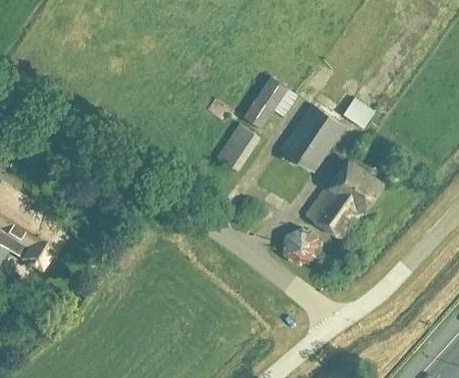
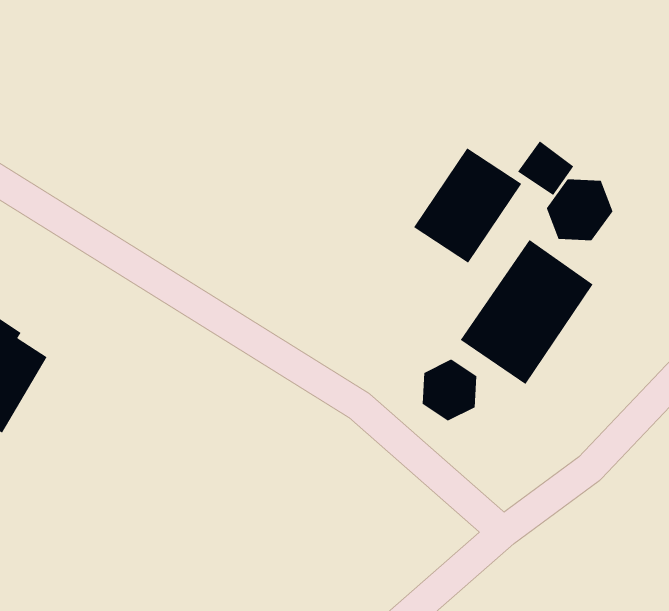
building: [244,76,298,127] -> none
building: none -> [546,179,613,241]
building: [216,123,260,170] -> none

